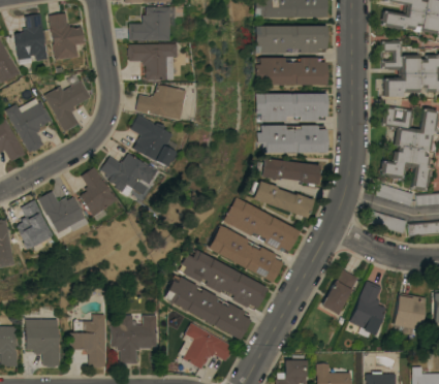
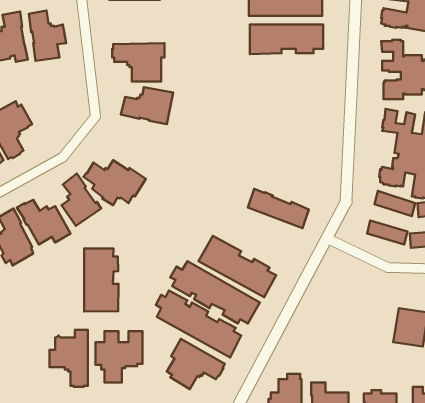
building: [129,7,169,40] -> none
building: [257,57,326,85] -> none
building: [44,81,90,132] -> none
building: [257,93,326,121] -> none
building: [130,115,175,166] -> none
building: [257,125,326,153] -> none
building: [262,158,319,185] -> none
building: [225,197,299,253] -> none
building: none -> [84,248,119,311]
building: [320,268,357,315] -> none
building: [349,281,386,335] -> none
building: [26,319,58,367] -> none

